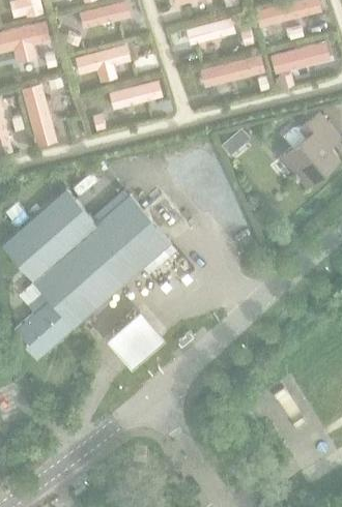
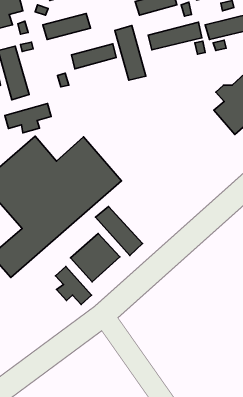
building: none -> [115,25,146,80]
building: none -> [5,103,51,133]
building: none -> [96,207,142,255]
building: none -> [55,267,91,304]

